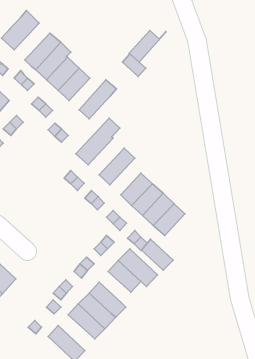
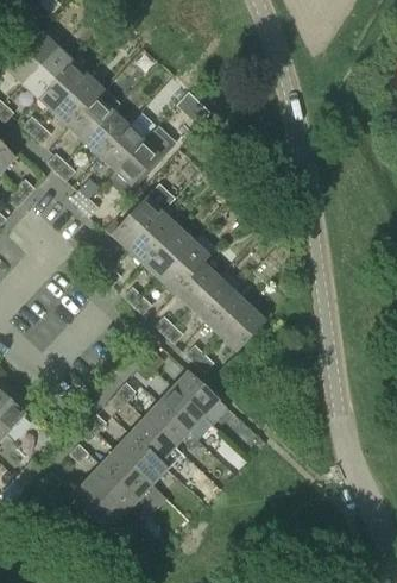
building: none -> [23,48,74,100]
building: [129,31,166,62] -> [101,126,153,171]
building: none -> [128,212,179,264]
building: none -> [159,240,209,293]
building: [141,239,173,270] -> [144,402,189,446]
building: none -> [86,464,138,515]

